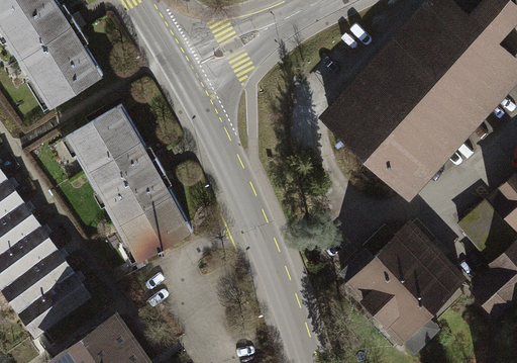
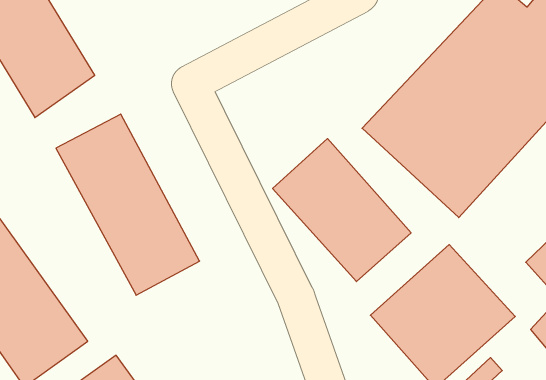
building: none -> [273,139,411,282]

